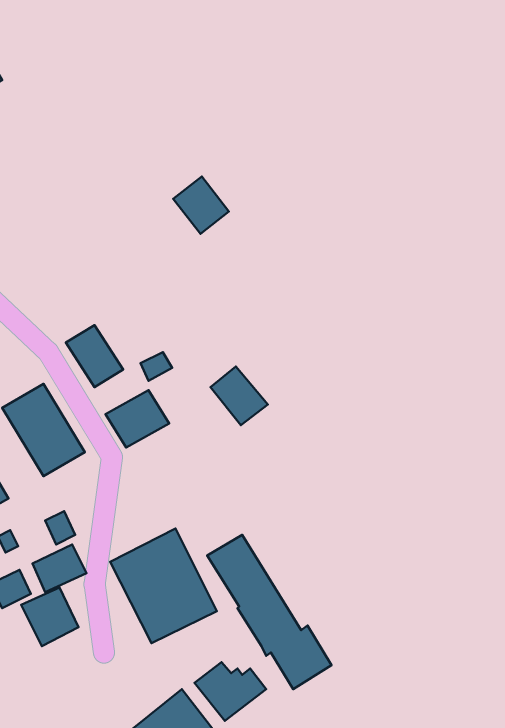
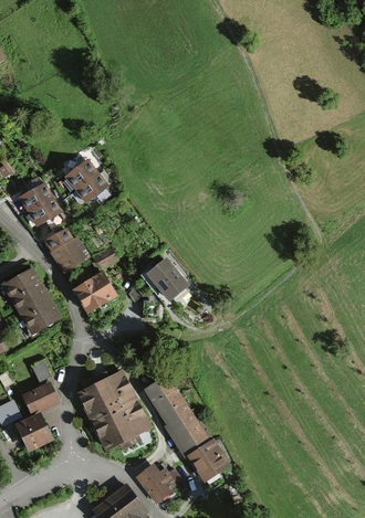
building: [173,177,229,234] -> [67,160,106,200]
building: none -> [22,183,58,222]

